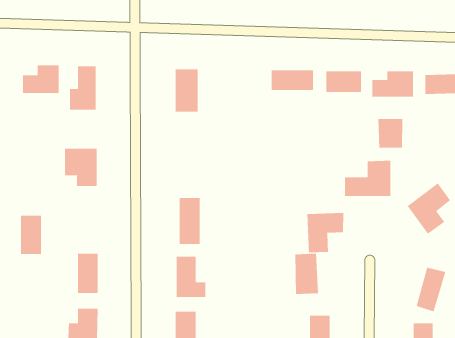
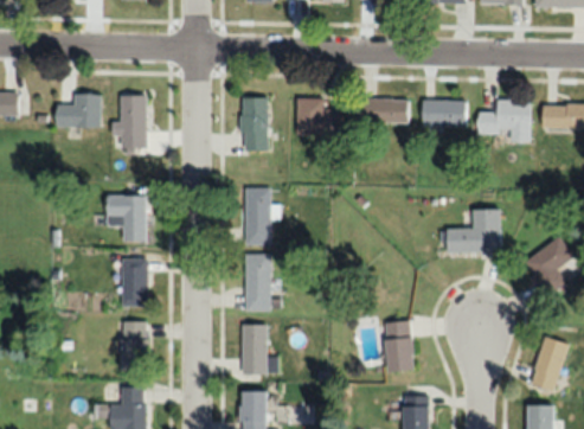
building: none -> [296,98,344,134]
building: [378,118,403,148] -> none
building: none -> [245,188,280,245]
building: [307,212,344,253] -> none
building: [20,215,42,254] -> [122,258,148,306]

